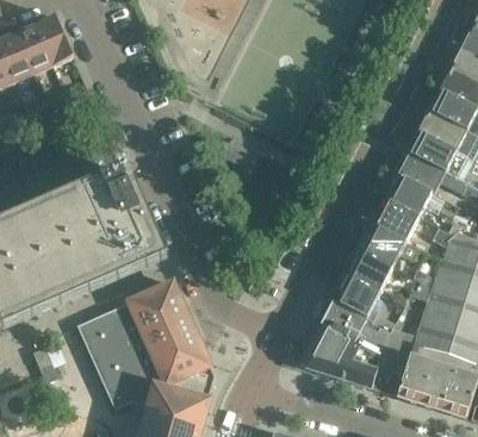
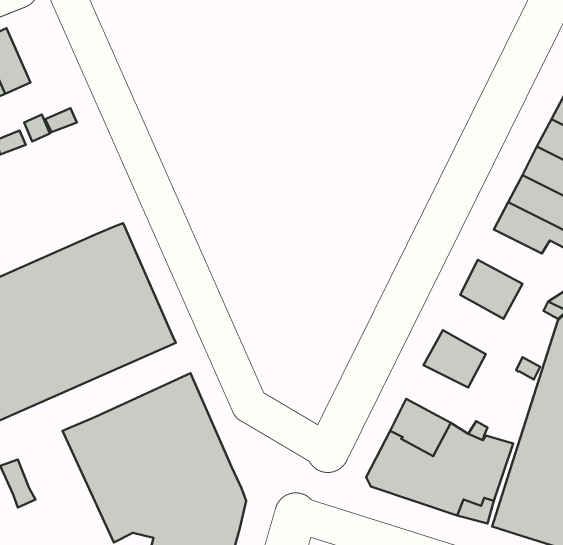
building: [35,14,73,64] -> none
building: [386,174,432,214] -> none
building: [360,223,405,267] -> none
building: [333,275,379,318] -> none

